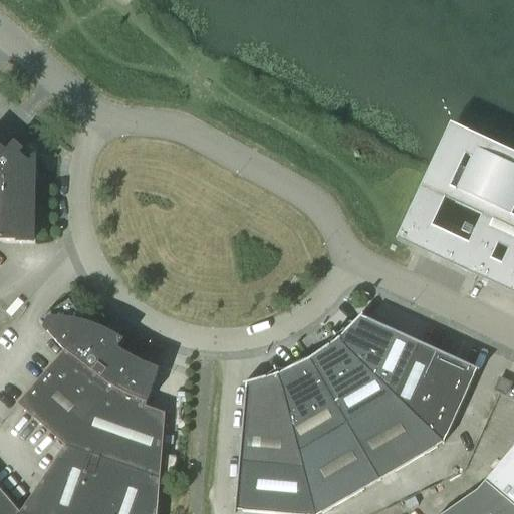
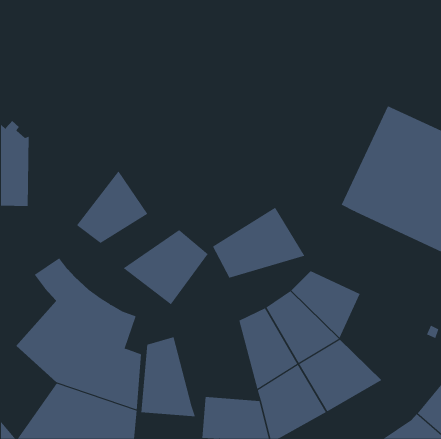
building: none -> [76,170,148,244]
building: none -> [212,207,305,278]
building: none -> [122,229,209,305]
building: [396,341,478,442] -> none
building: [239,372,303,466] -> [140,337,196,417]

